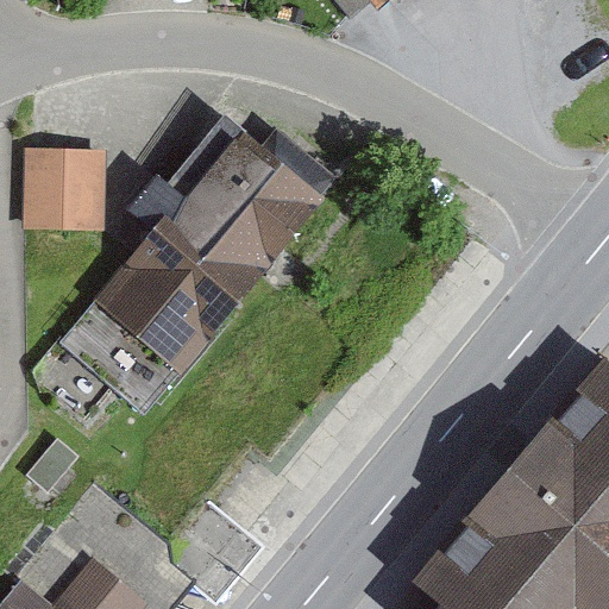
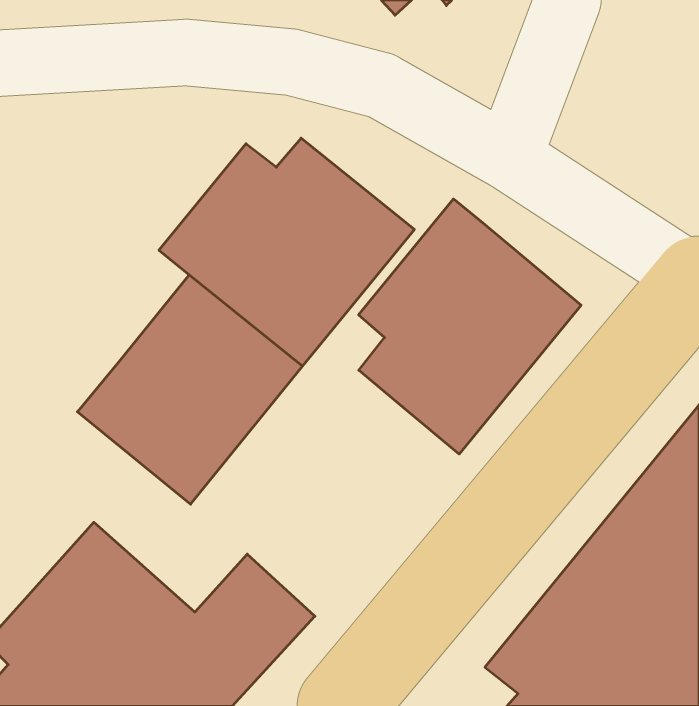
building: [19,151,109,221] -> none
building: none -> [359,199,581,454]

